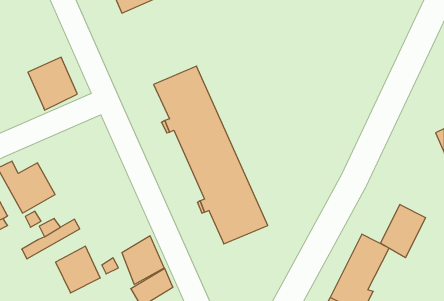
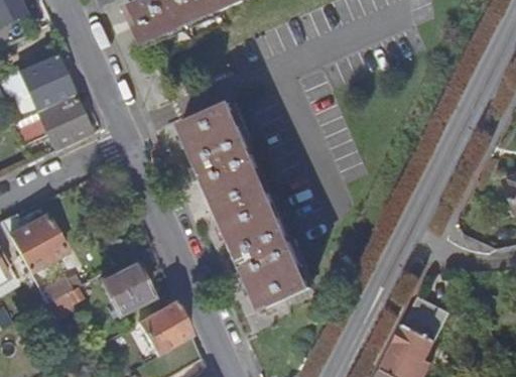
building: none -> [16,54,72,111]
building: [381,204,426,258] -> none
building: [56,246,100,293] -> [99,260,150,313]

